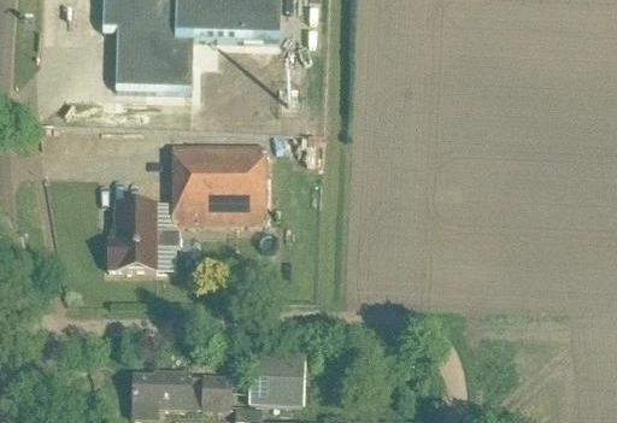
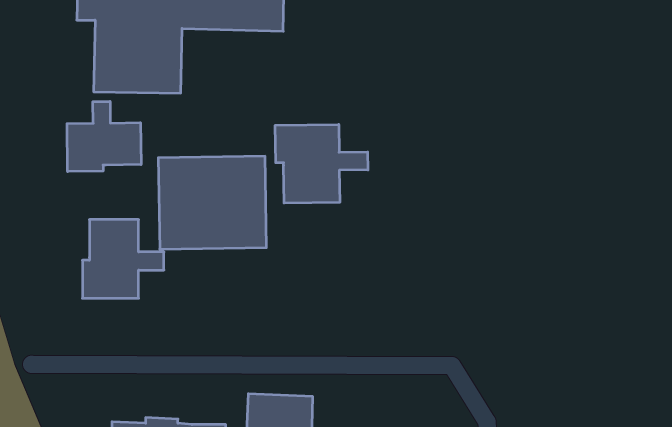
building: none -> [67,101,141,172]
building: none -> [275,124,368,203]

